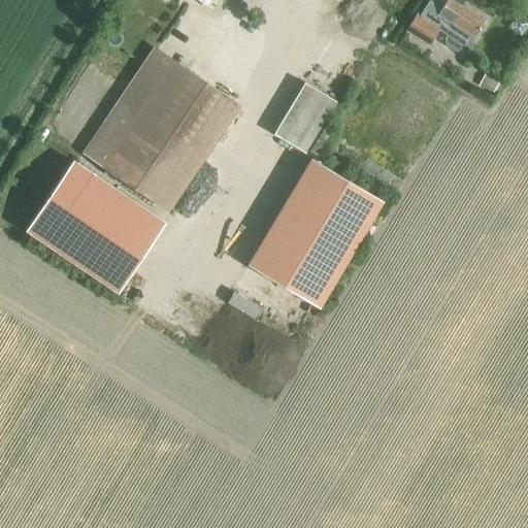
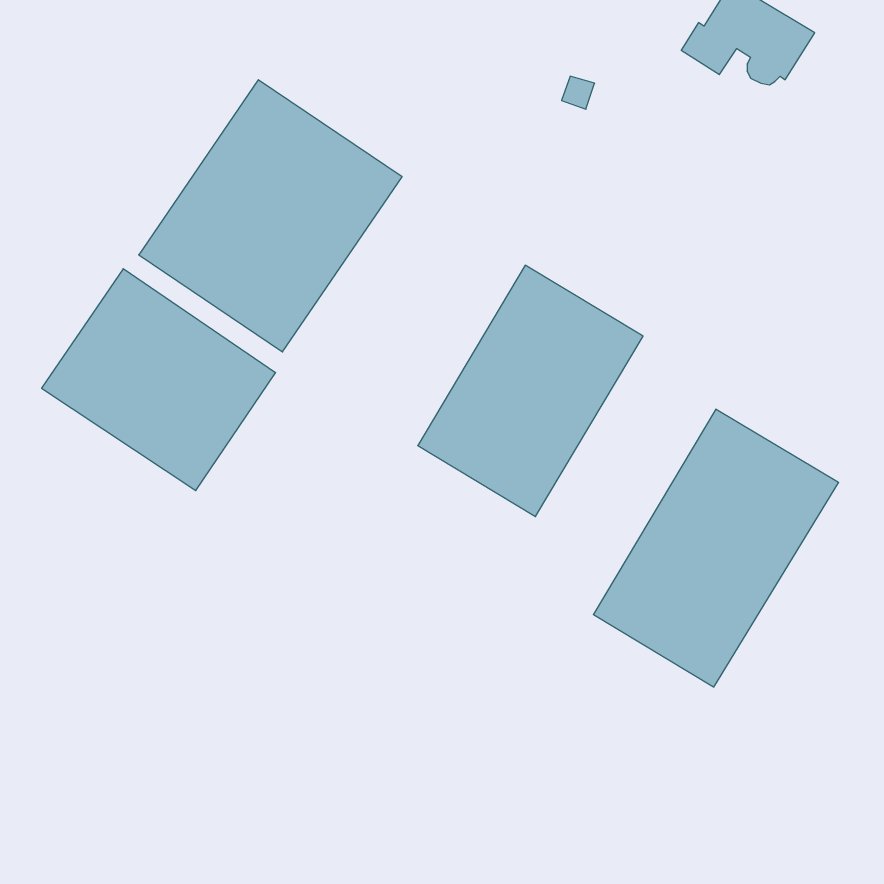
building: [274,81,336,152] -> none
building: none -> [593,409,839,687]

